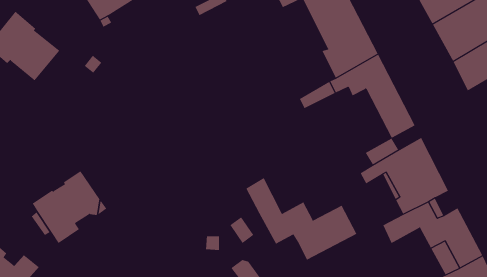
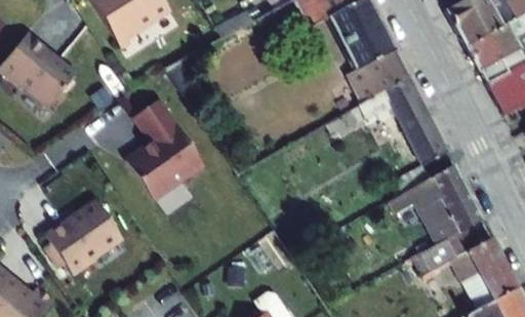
building: none -> [126,100,205,200]
building: [245,177,357,261] -> none

